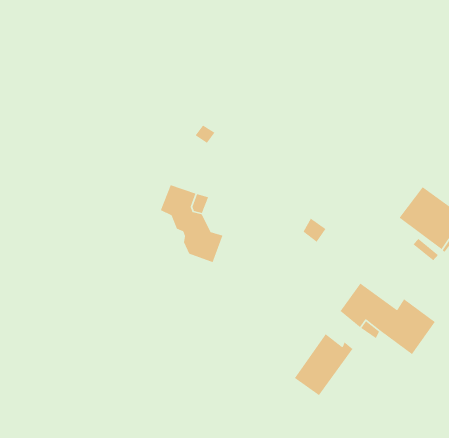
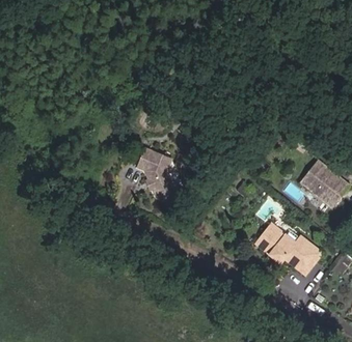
building: [294,333,353,396] -> none

